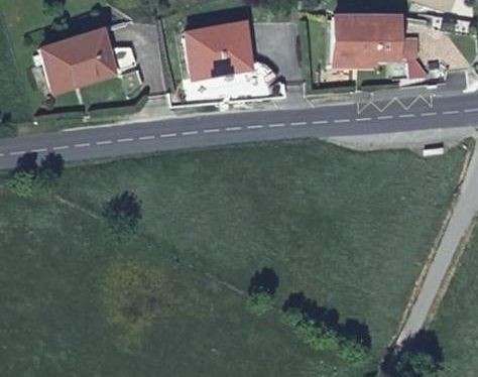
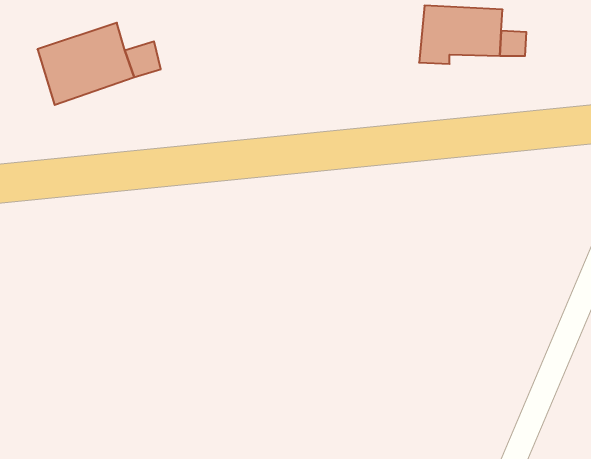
building: [187,20,250,78] -> none

